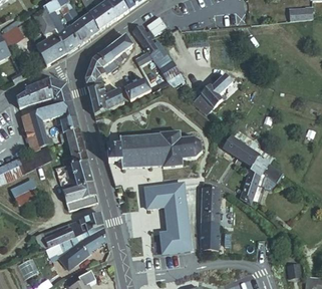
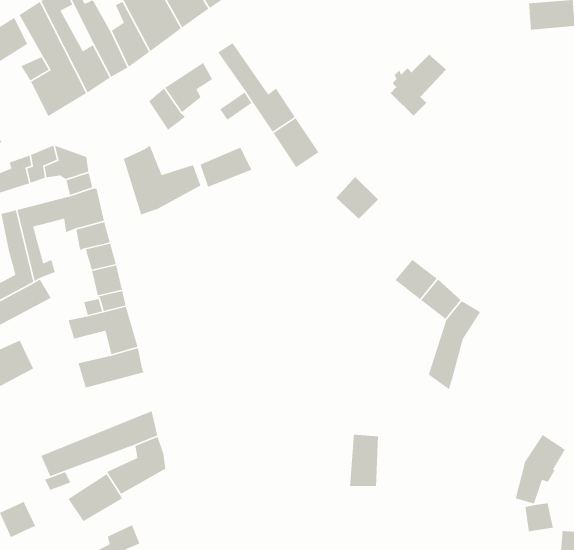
building: [83,56,107,85] -> none
building: [203,74,232,106] -> [390,54,447,117]
building: [109,132,202,169] -> none
building: [253,164,279,200] -> [515,434,566,505]
building: [202,182,219,227] -> none
building: [145,186,189,255] -> none

